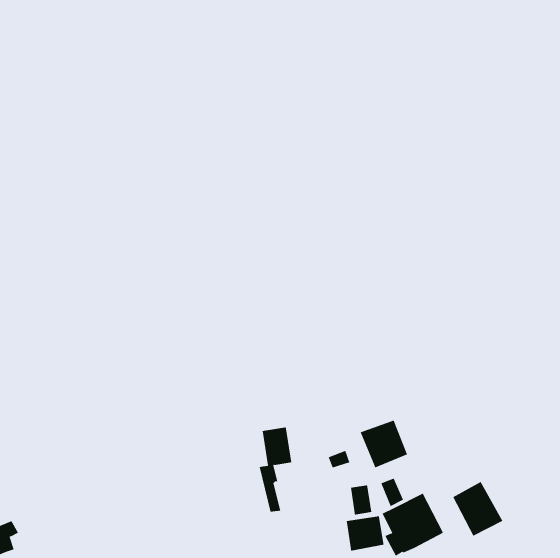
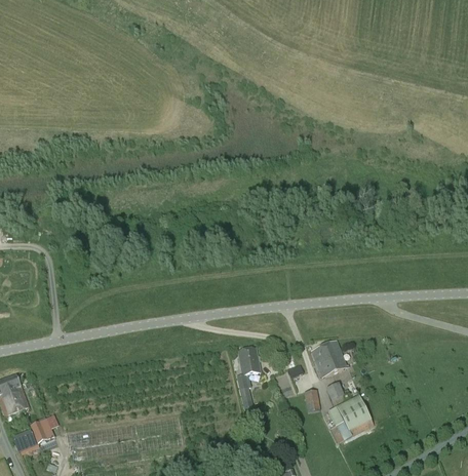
building: [452,481,503,537] -> none
building: [346,515,384,552] -> none

